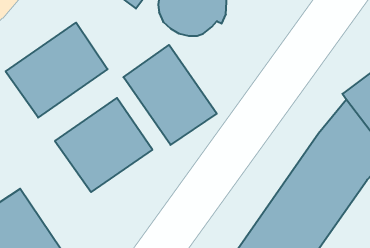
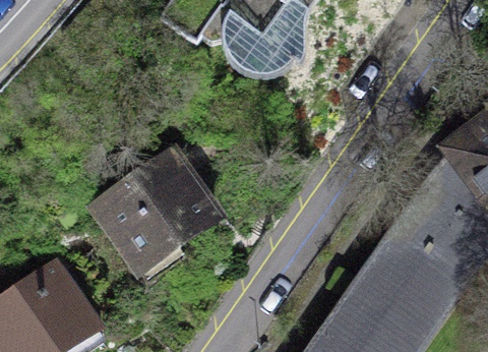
building: [6,23,108,118] -> none
building: [123,45,217,145] -> none

